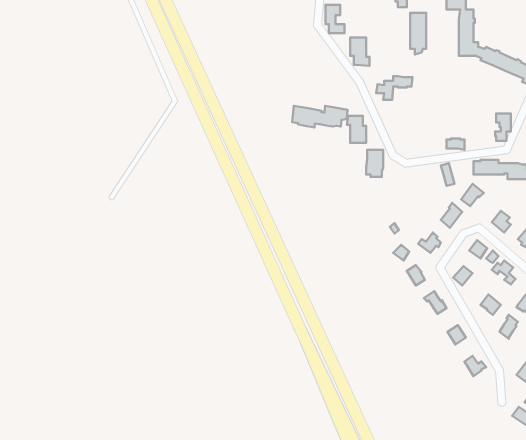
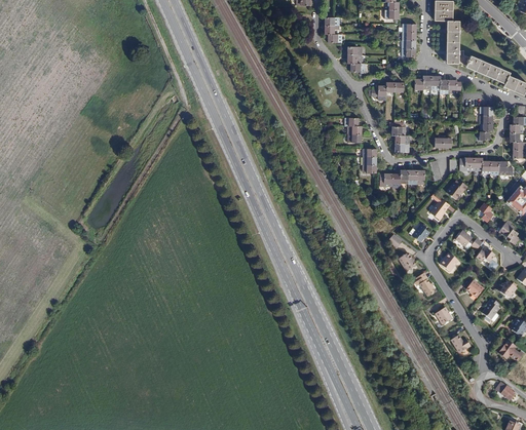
building: none -> [415,75,462,93]
building: [292,106,348,127] -> none
building: none -> [391,121,410,152]
building: none -> [379,169,424,188]

